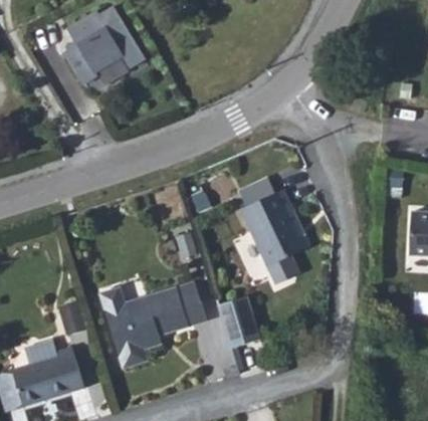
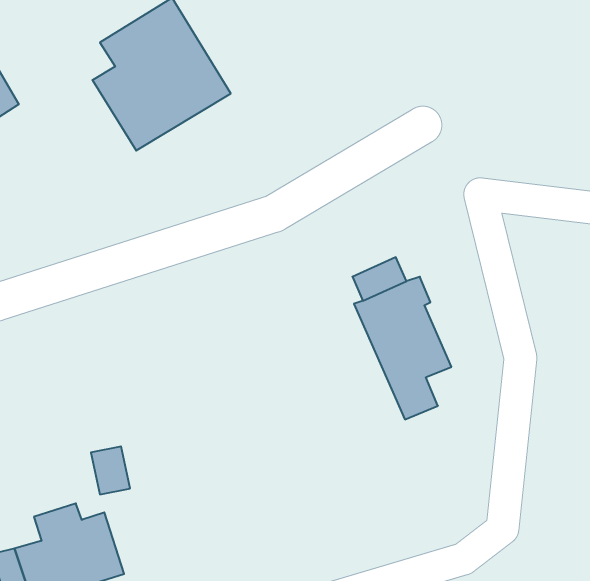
building: [97,277,204,362] -> none
building: [217,292,259,344] -> none

